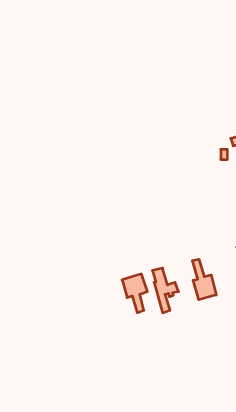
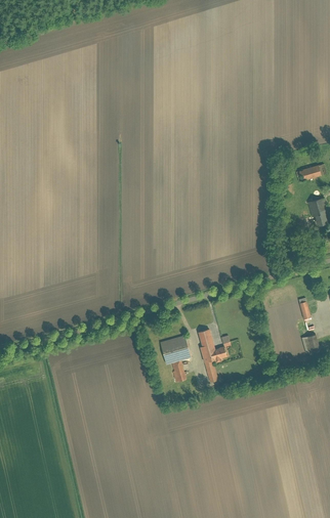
building: [192,259,216,300] -> none

